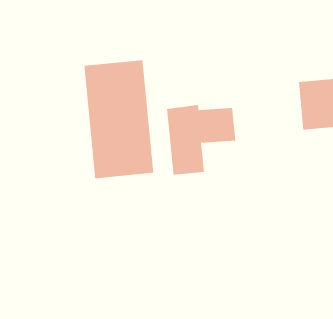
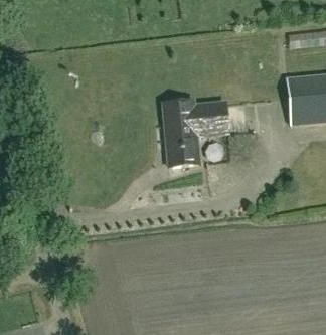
building: [84,59,154,179] -> none

